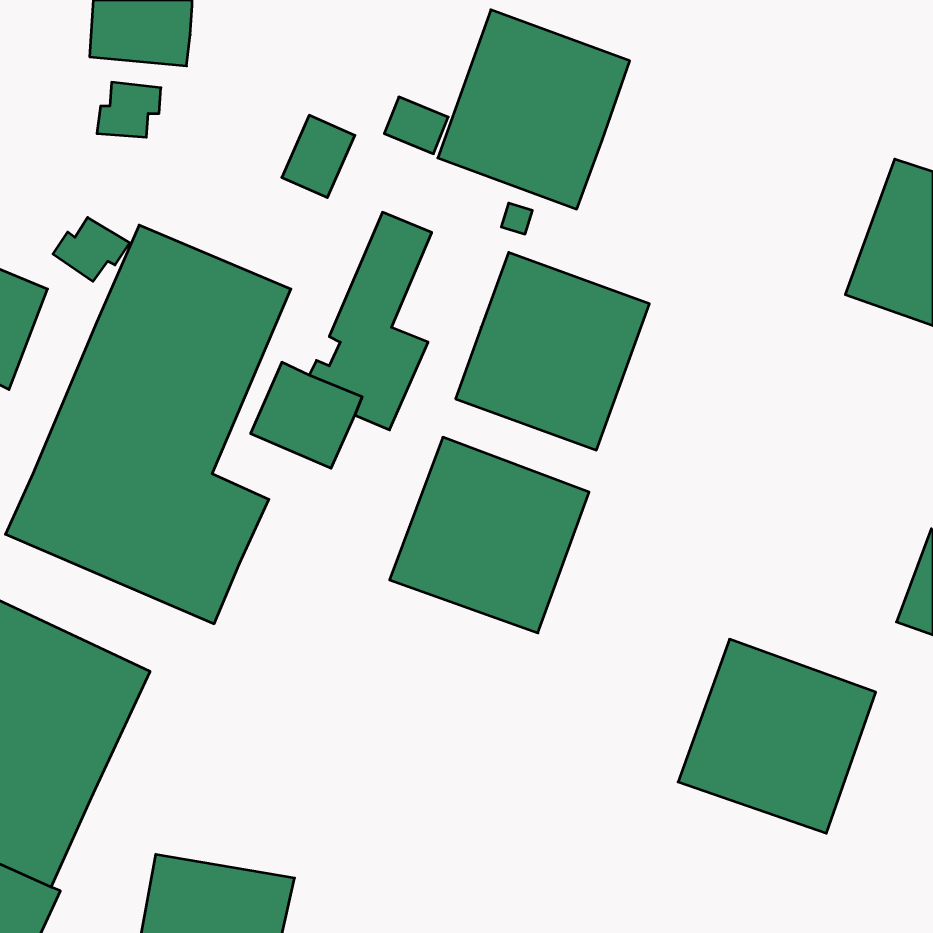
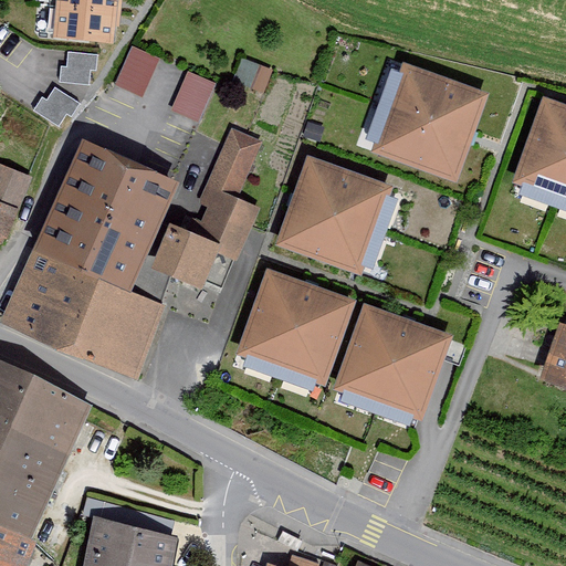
building: [438,10,630,209] -> [371,60,488,180]
building: none -> [114,46,158,97]
building: [53,217,130,281] -> [33,87,80,126]
building: [678,639,876,833] -> [333,301,452,418]

